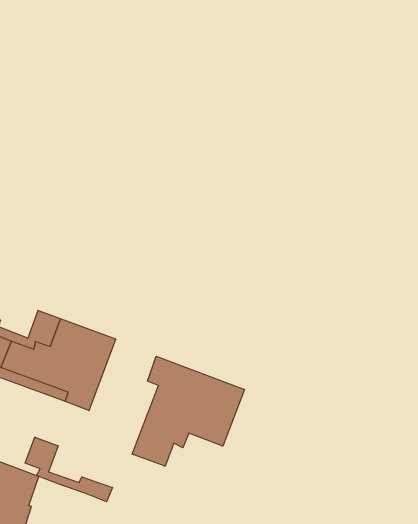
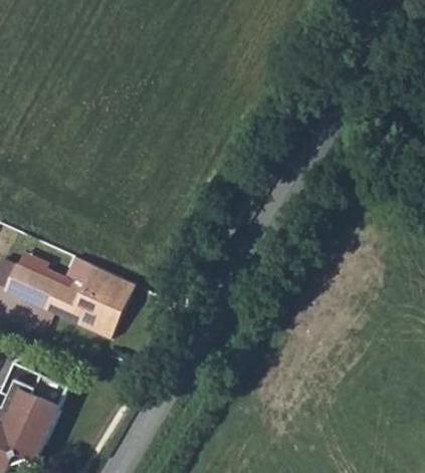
building: [132,356,244,466] -> none
building: [25,437,113,502] -> none

